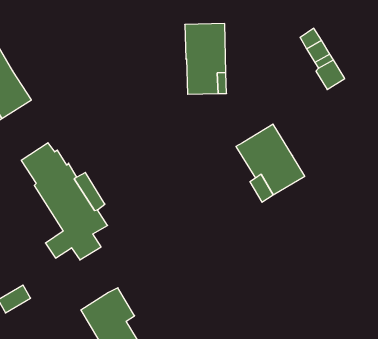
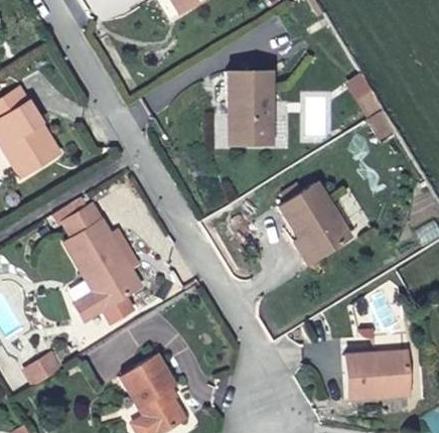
building: none -> [347,349,416,398]

